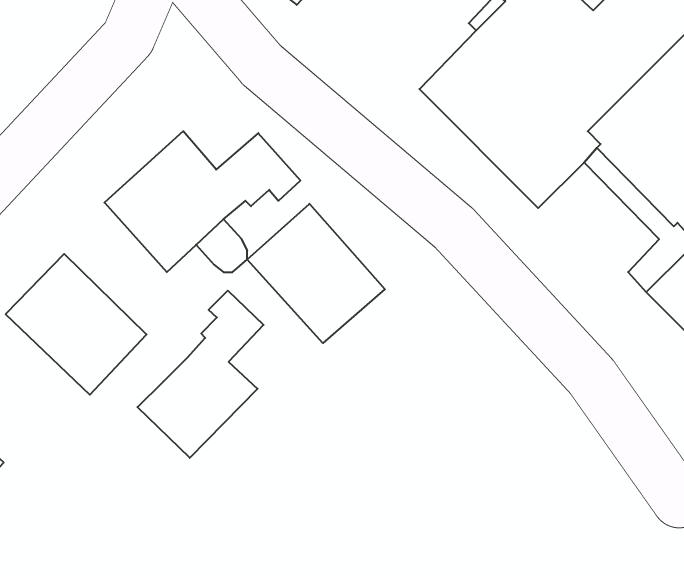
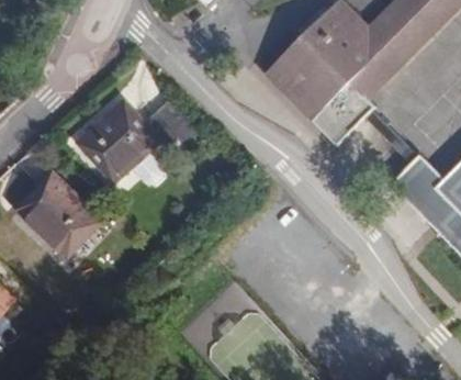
building: [247,204,385,343] -> none
building: [137,291,264,458] -> none

